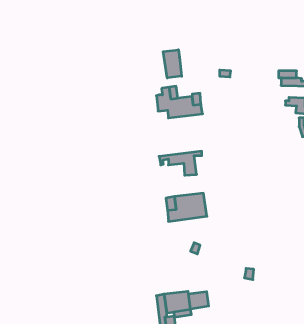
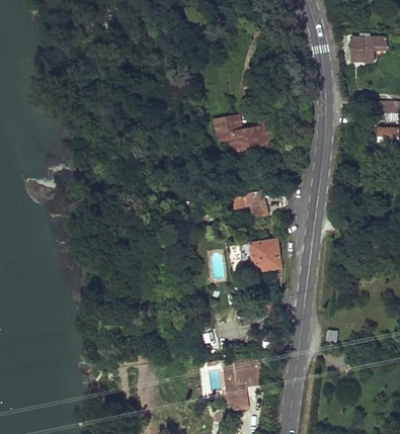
building: none -> [350,37,385,62]
building: [163,50,182,78] -> none
building: [188,292,209,309] -> none

